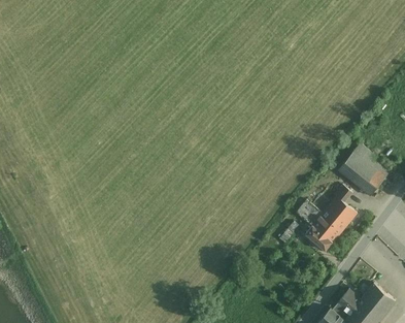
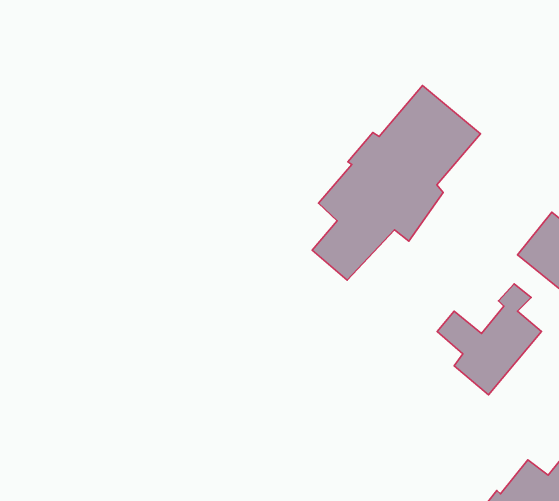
building: none -> [312,85,480,280]

